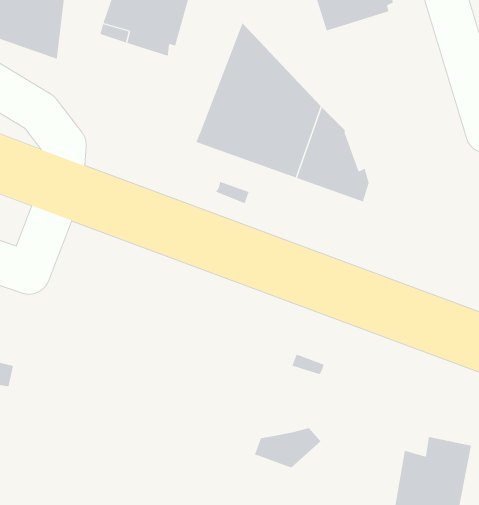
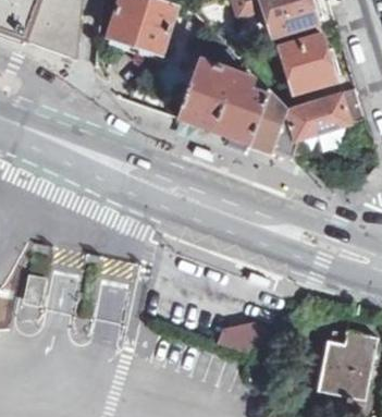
building: none -> [278,32,335,91]
building: none -> [283,85,369,147]

